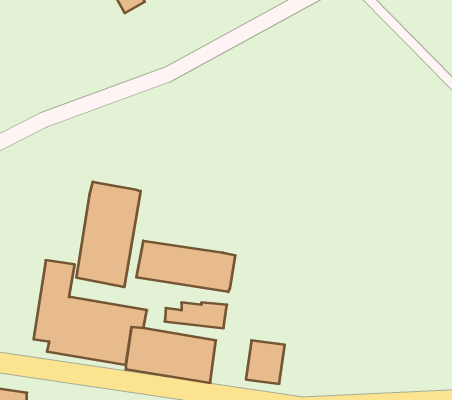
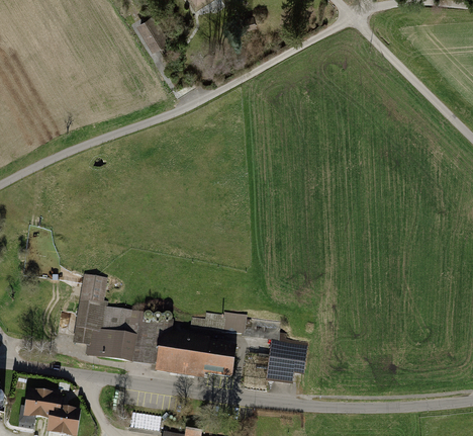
building: [77,182,141,287] -> none
building: [136,241,235,292] -> none

